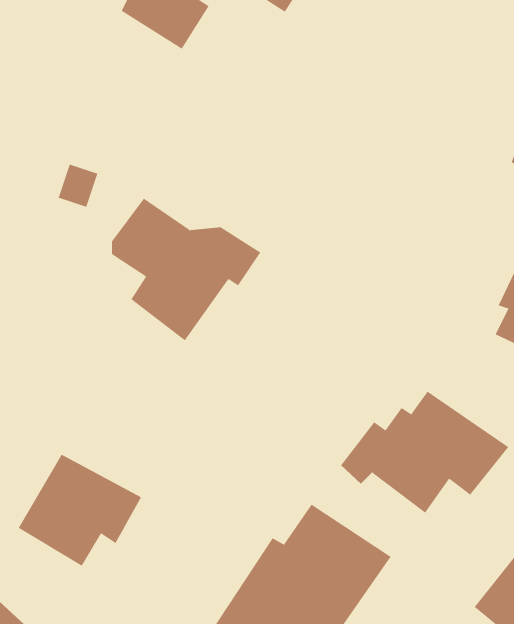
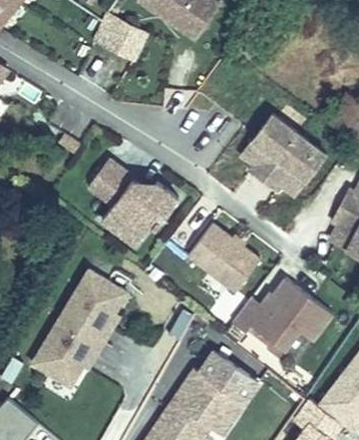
building: none -> [238,108,330,198]
building: none -> [188,222,262,294]
building: none -> [57,266,130,344]

